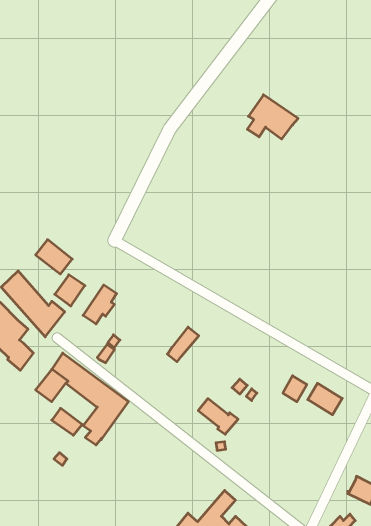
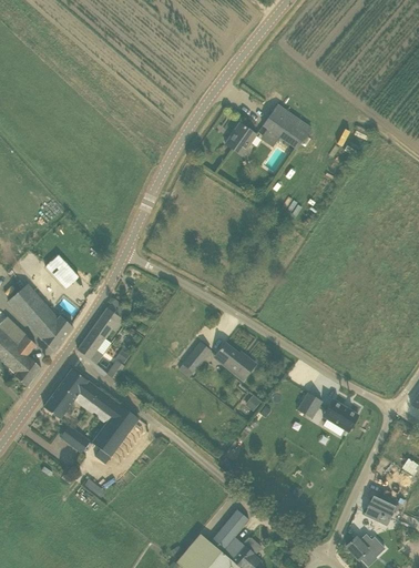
building: none -> [225,123,255,155]
building: [55,275,85,306] -> [78,329,109,362]
building: [198,399,238,434] -> [215,343,256,379]

